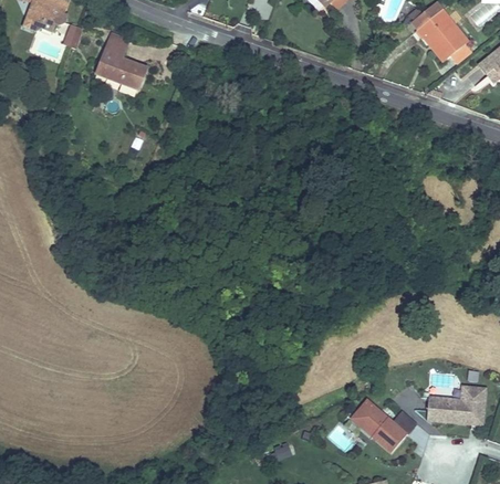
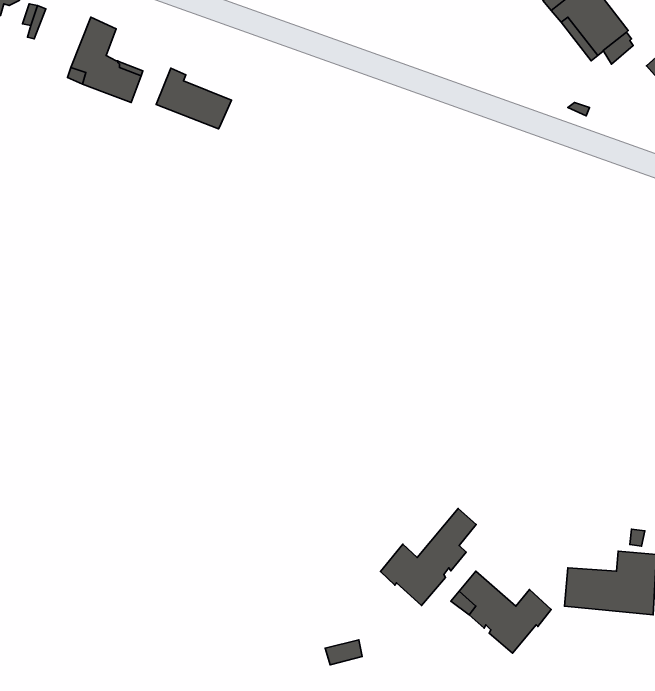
building: none -> [156,68,231,129]
building: none -> [380,509,476,606]

